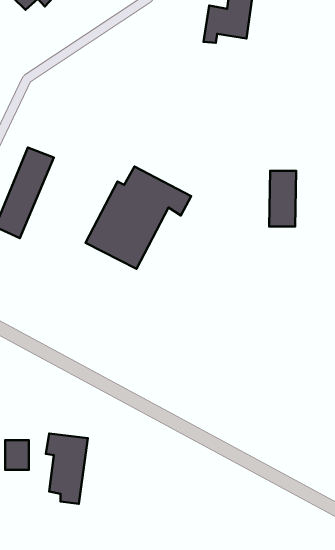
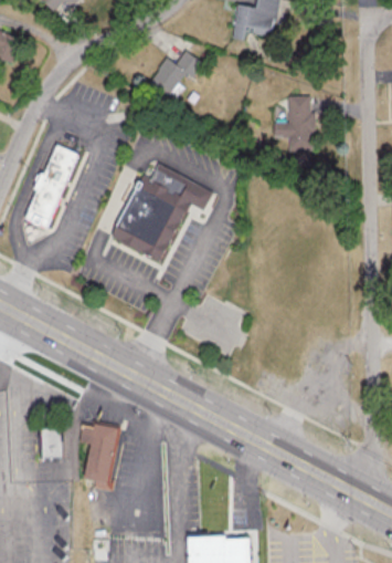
building: none -> [150,50,203,102]
building: [269,171,296,226] -> [283,96,309,150]

